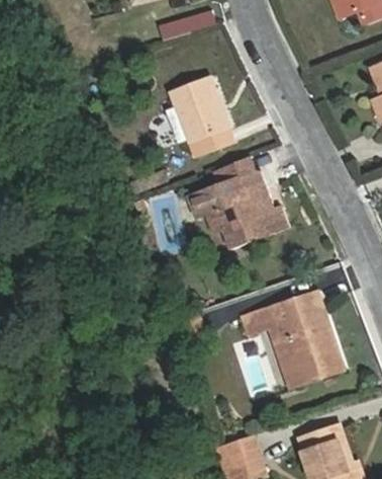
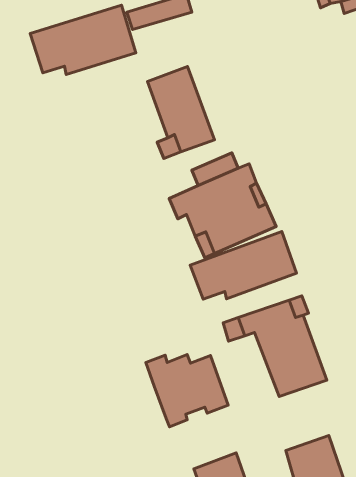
building: none -> [30,5,136,75]
building: none -> [190,231,296,299]
building: none -> [146,355,228,427]

